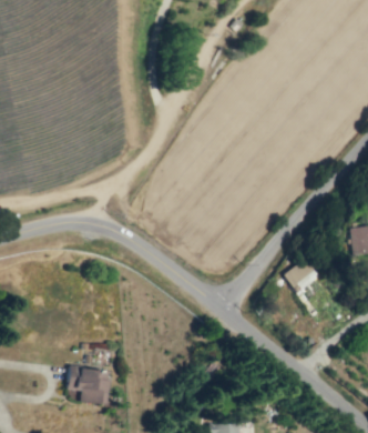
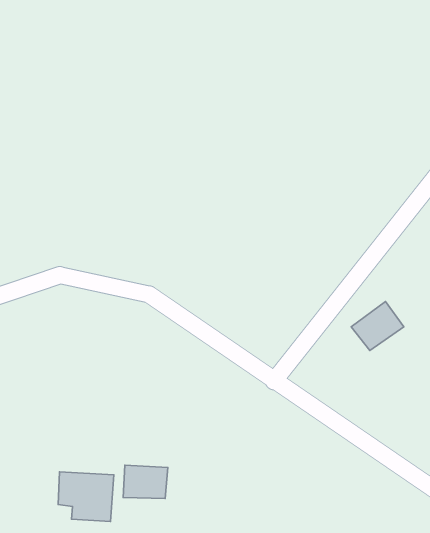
building: none -> [123,465,168,498]

